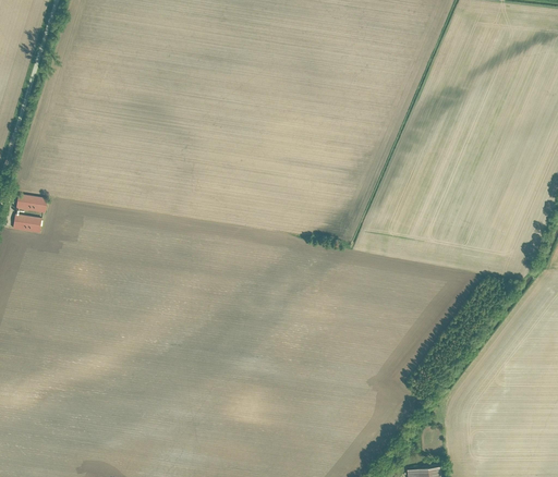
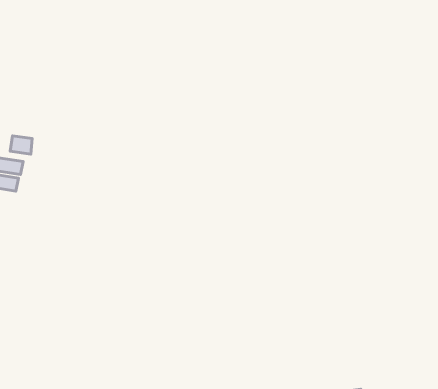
building: none -> [10,136,32,154]

